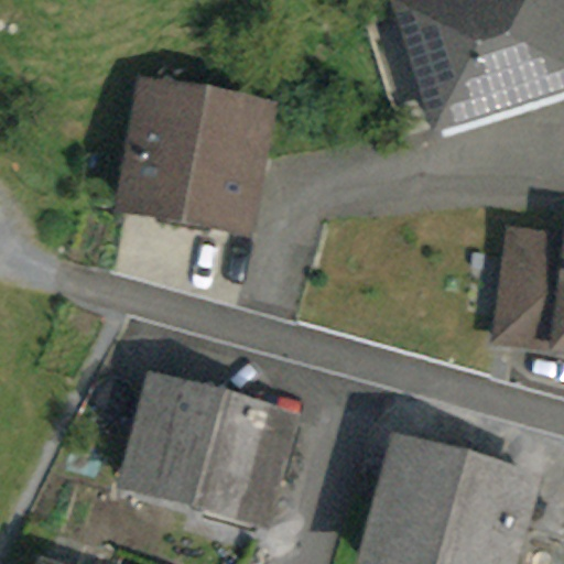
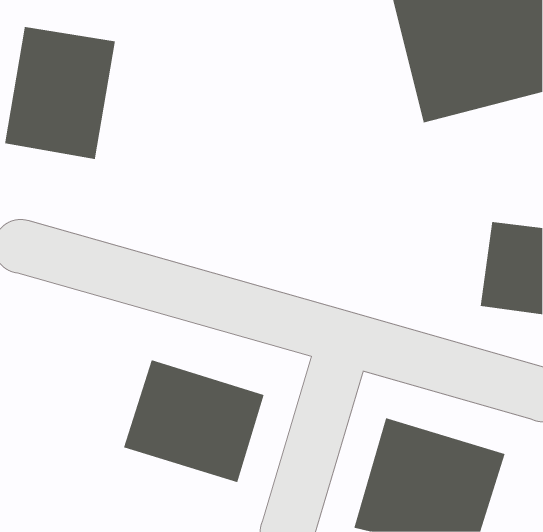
building: none -> [5,26,115,160]
building: [115,79,274,238] -> none

